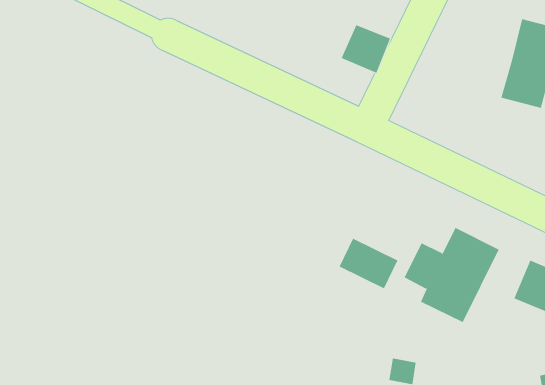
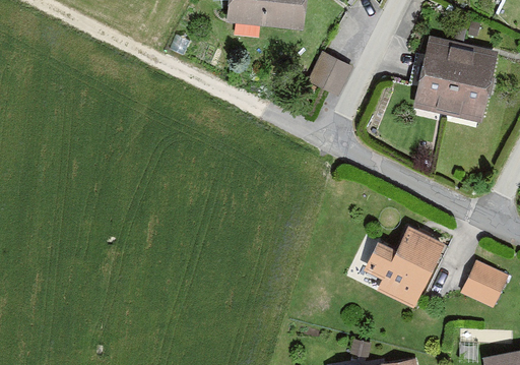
building: none -> [414,37,466,114]
building: [339,238,398,289] -> none

